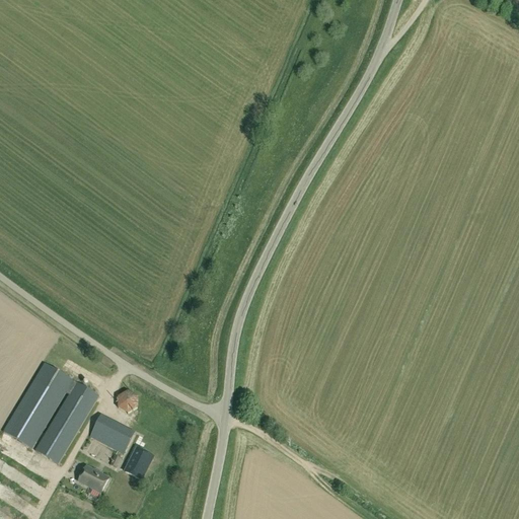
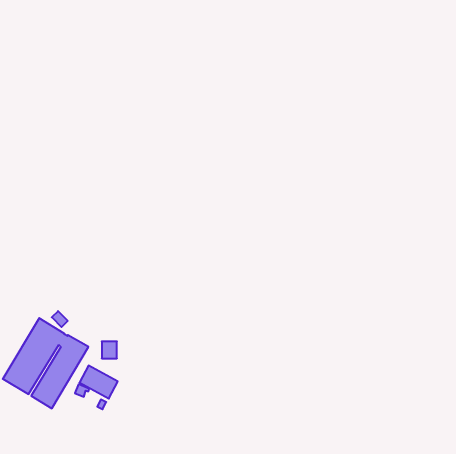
building: [126,445,154,477] -> none
building: [79,465,109,492] -> none

